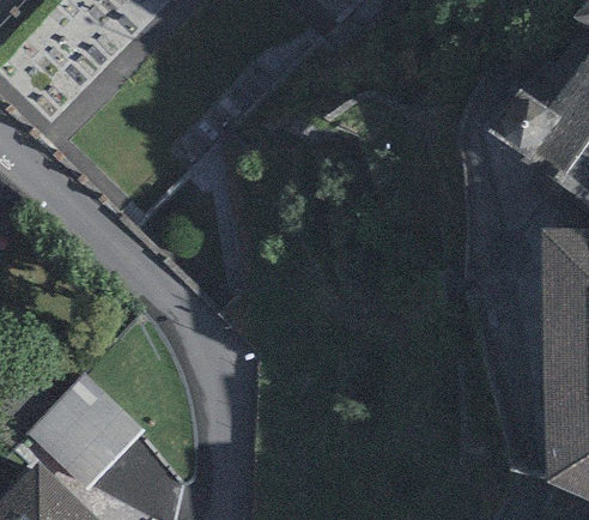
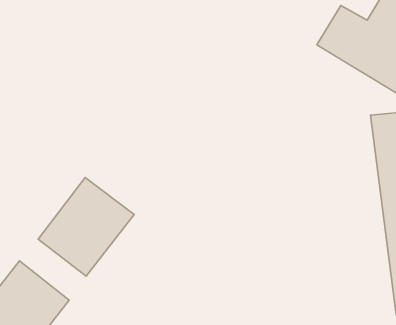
building: none -> [38,178,134,276]

